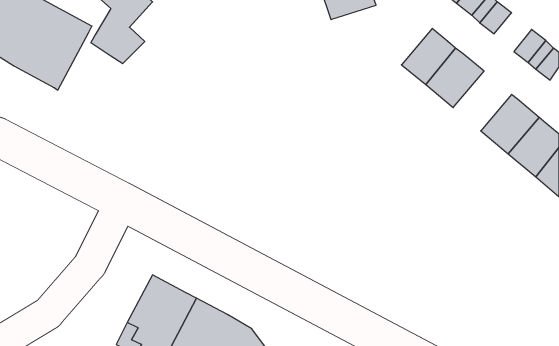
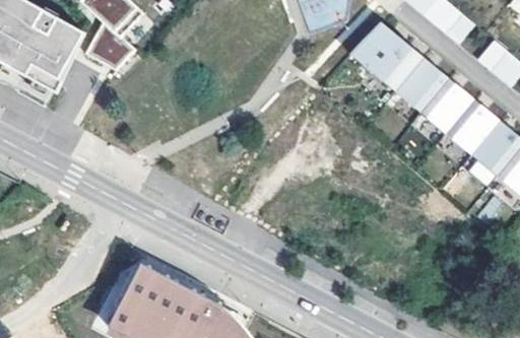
building: none -> [348,20,400,71]
building: none -> [419,77,473,132]

